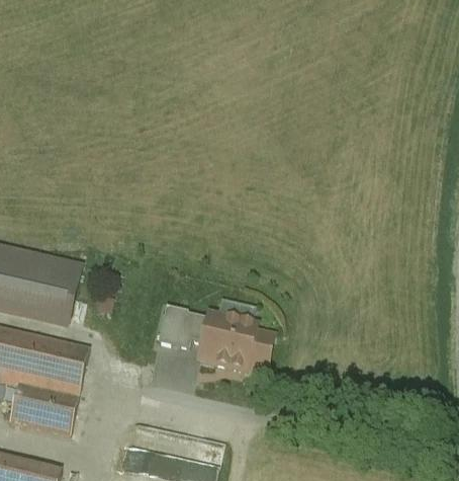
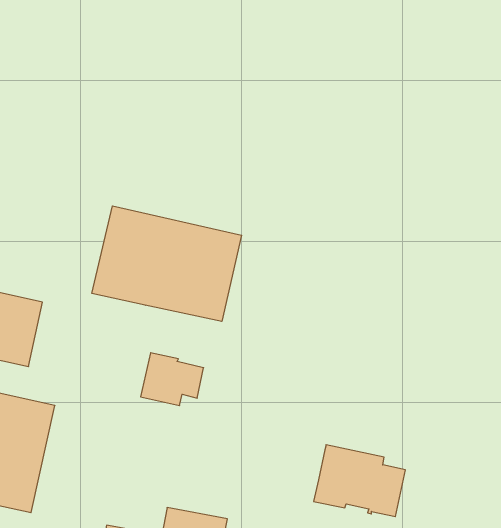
building: none -> [92,206,242,321]
building: [198,313,272,371] -> [314,445,405,517]

